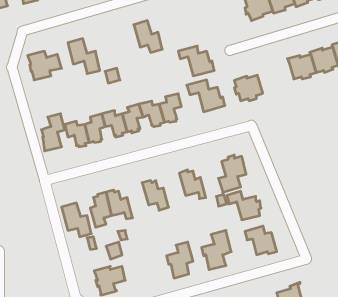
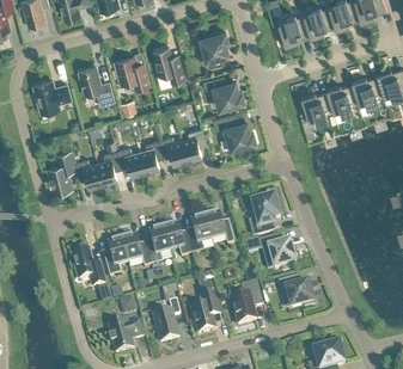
building: none -> [200,29,227,64]
building: none -> [110,54,149,86]
building: [234,75,263,101] -> [300,88,332,117]
building: none -> [185,215,210,253]
building: none -> [145,226,169,265]
building: none -> [152,299,179,342]

